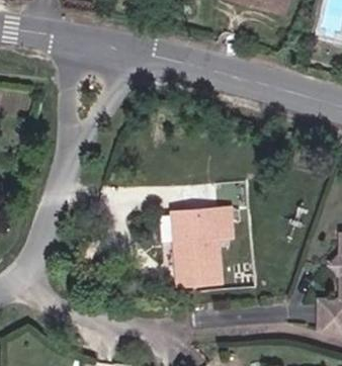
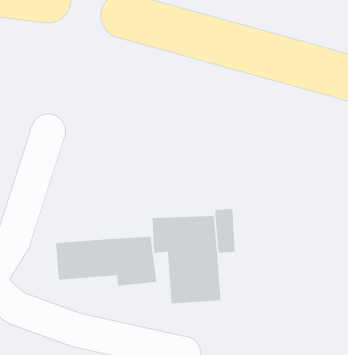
building: none -> [55,236,157,286]

